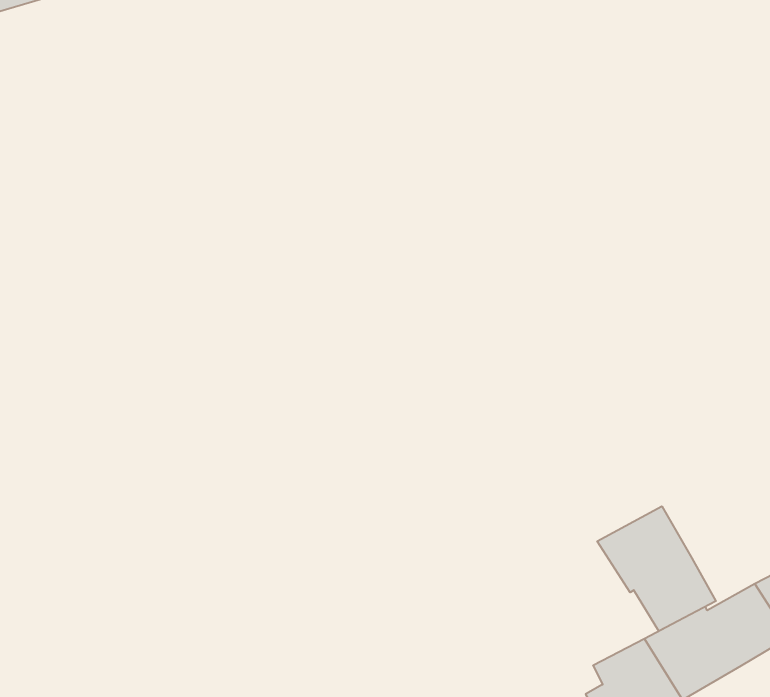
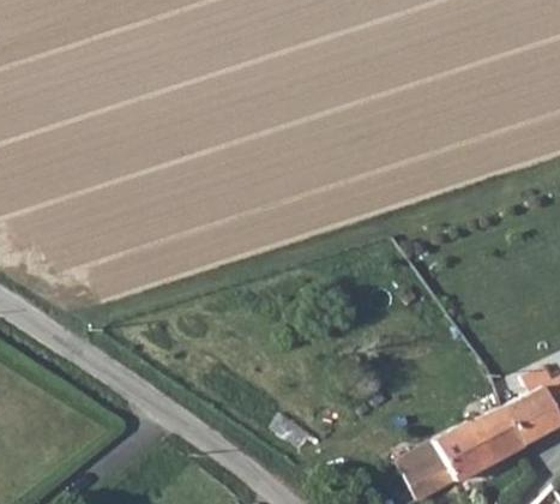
building: [597,506,716,631] -> none

